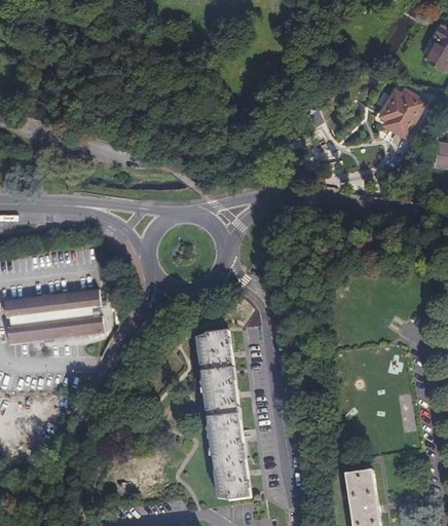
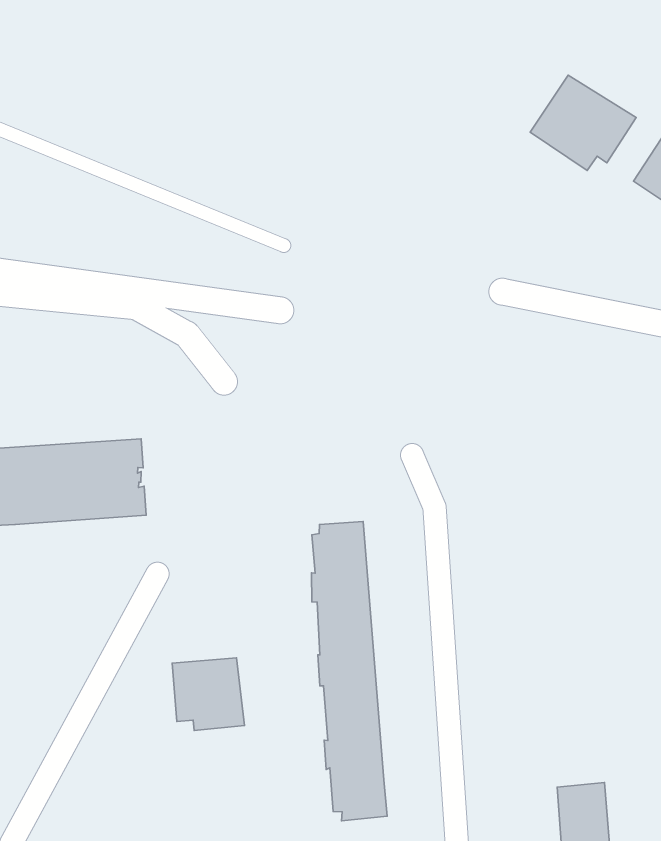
building: none -> [530,75,636,171]
building: none -> [172,658,245,730]

